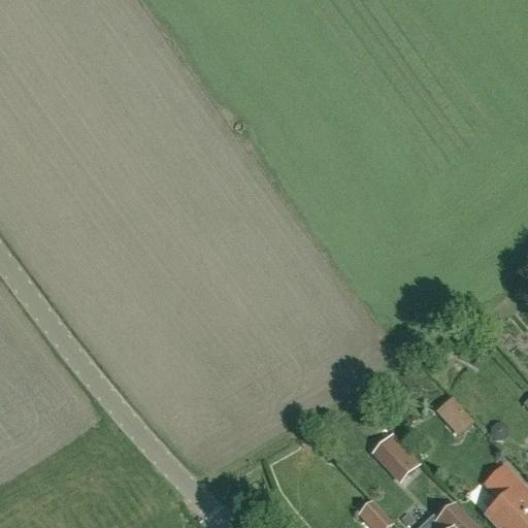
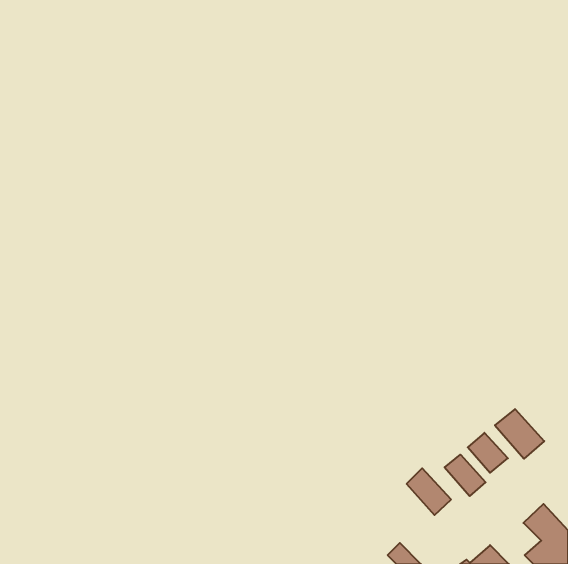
building: none -> [495,409,544,459]
building: none -> [445,455,486,496]

